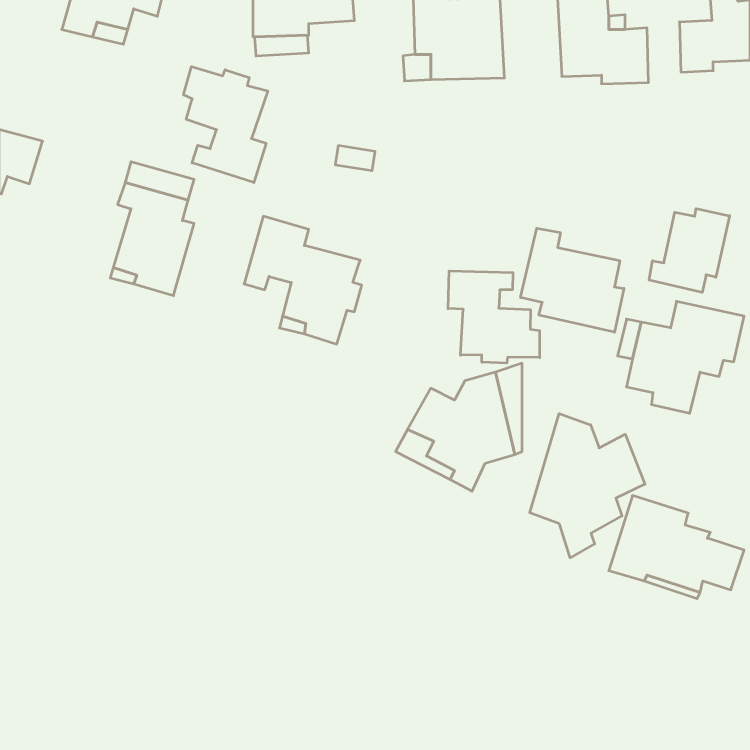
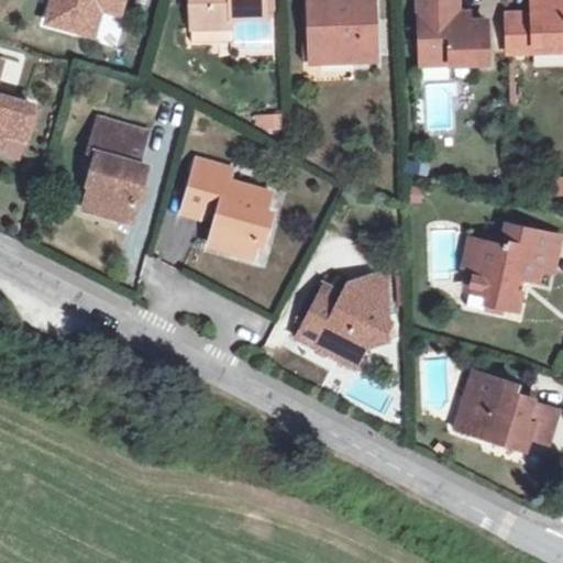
building: [184,67,268,183] -> none
building: [649,209,730,292] -> none
building: [521,228,624,332] -> none
building: [448,271,540,363] -> none
building: [530,414,645,558] -> none

